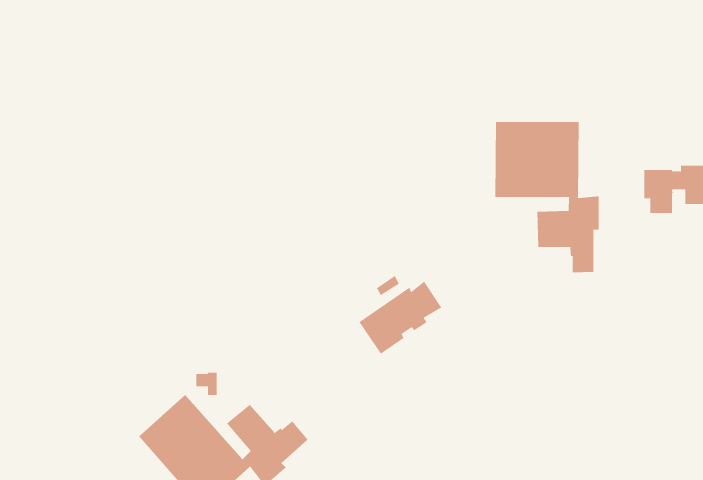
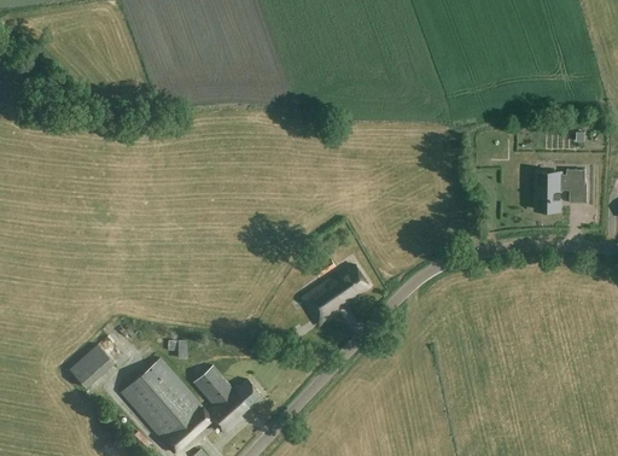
building: [495,121,599,273] -> none
building: none -> [72,340,115,382]

